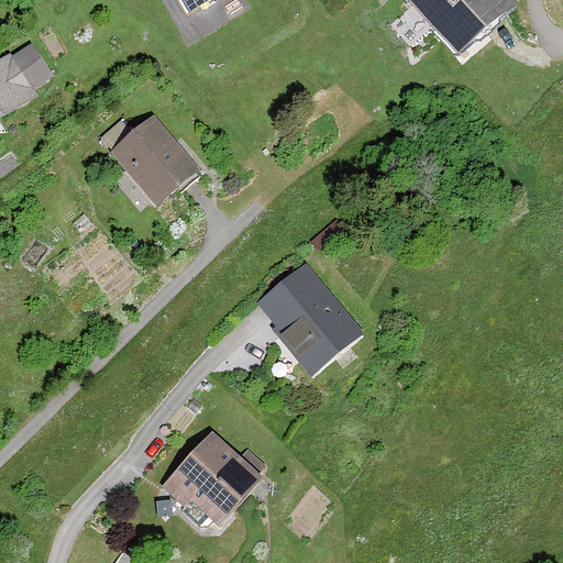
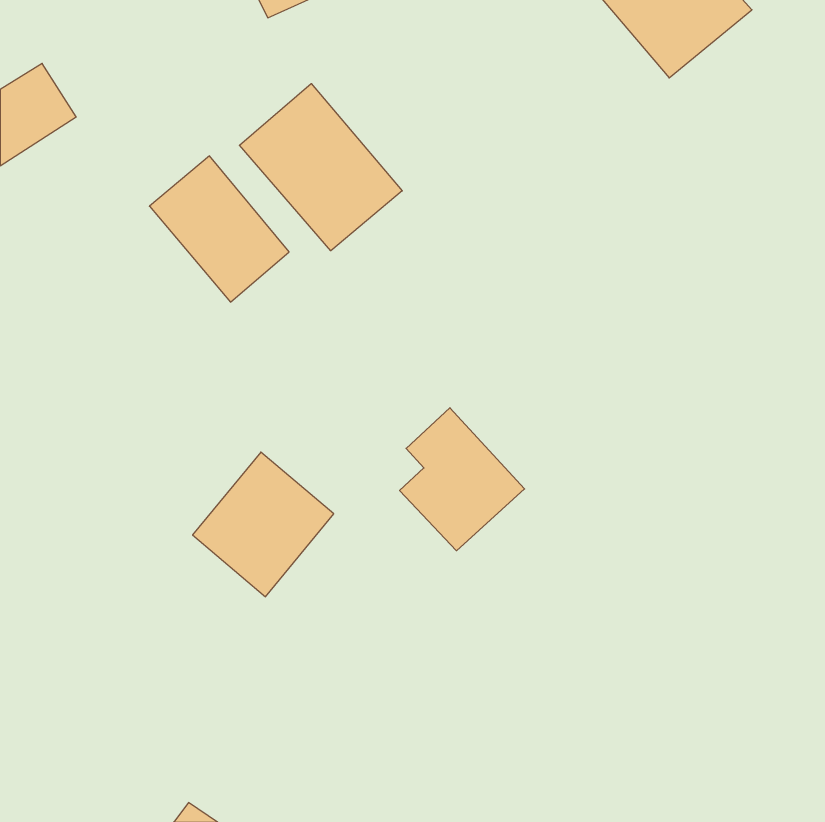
building: none -> [239,84,402,251]
building: [161,430,256,528] -> [193,452,334,597]

